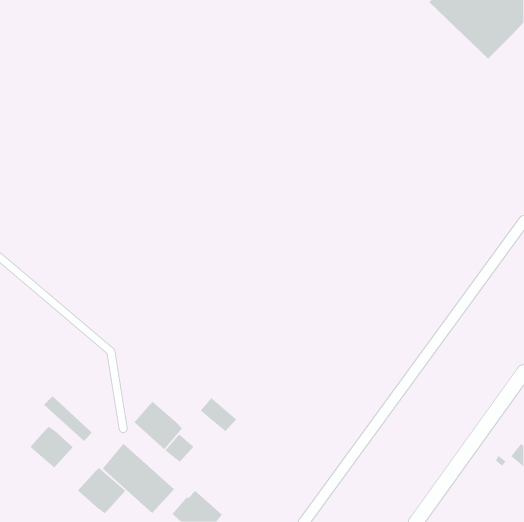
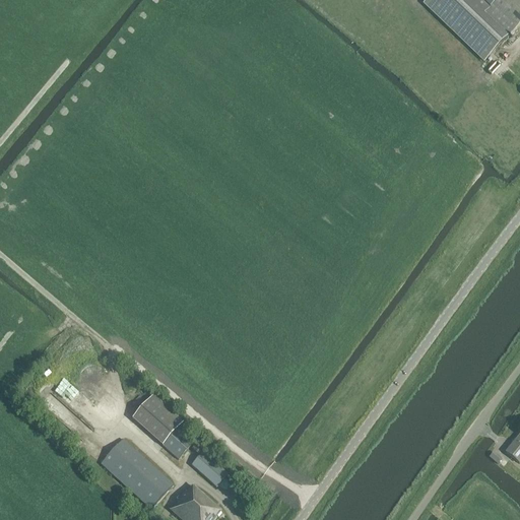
building: [200,397,237,432] -> [191,451,228,485]
building: [29,426,74,468] -> none
building: [77,467,126,514] -> none

